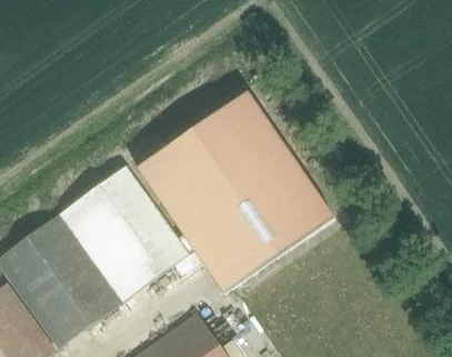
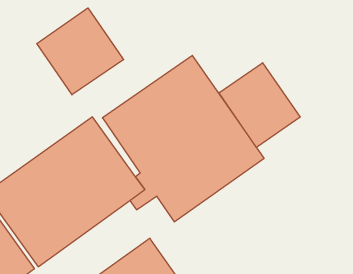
building: none -> [37,8,124,95]
building: none -> [219,63,300,147]

